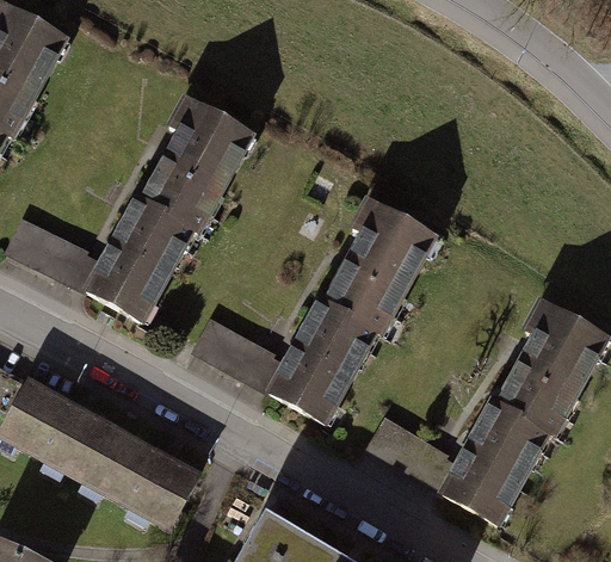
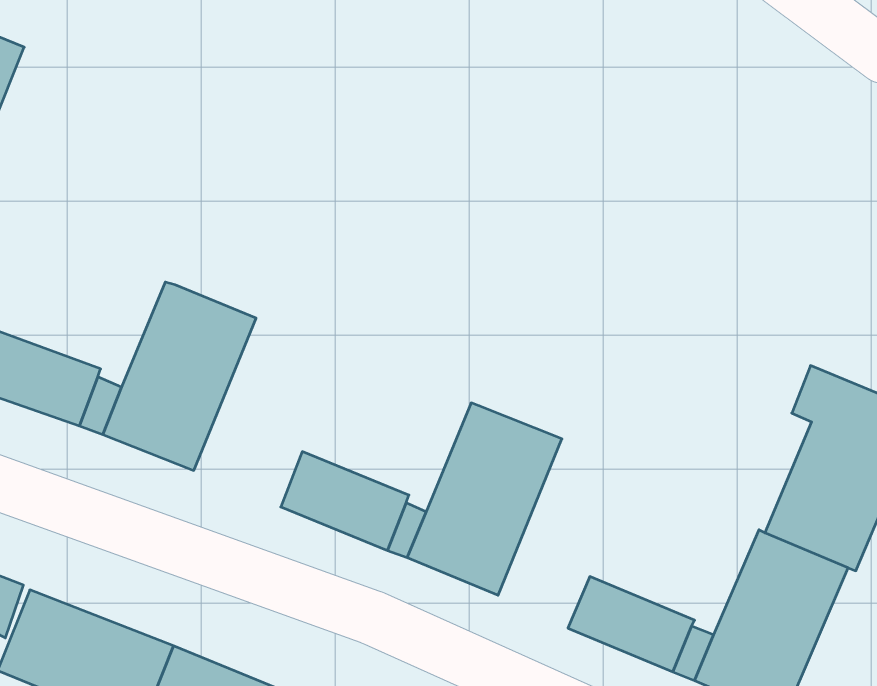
building: [142,99,251,233] -> none
building: [326,200,433,332] -> none

